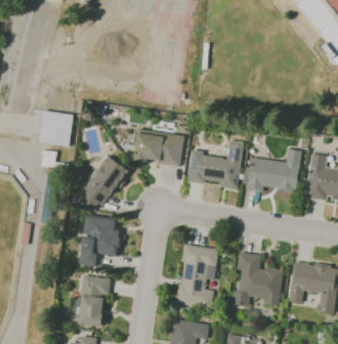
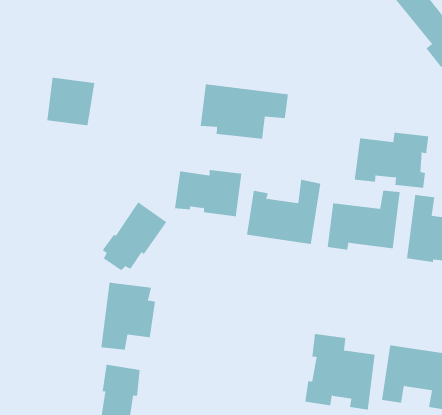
building: none -> [200,83,289,139]
building: none -> [354,132,429,188]
building: [37,110,73,145] -> [46,77,95,126]
building: [175,245,218,308] -> none

